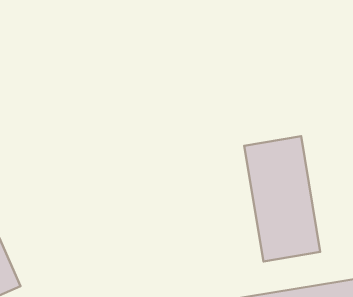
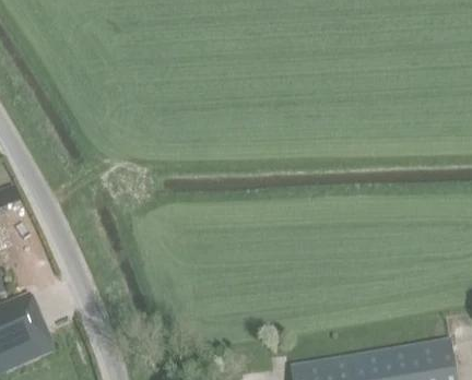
building: [244,136,320,261] -> none

